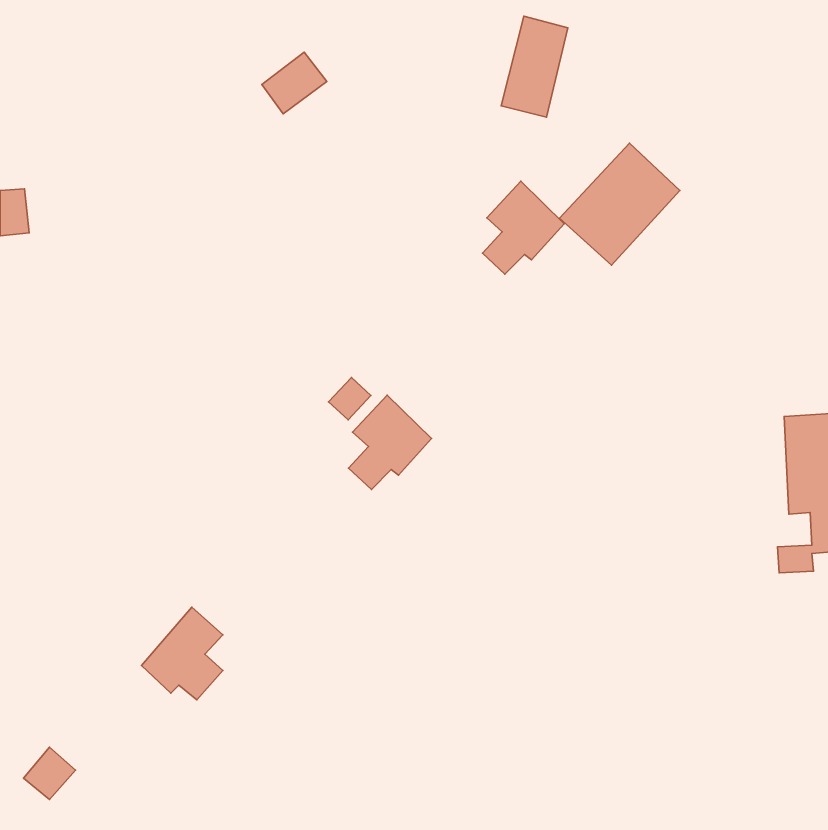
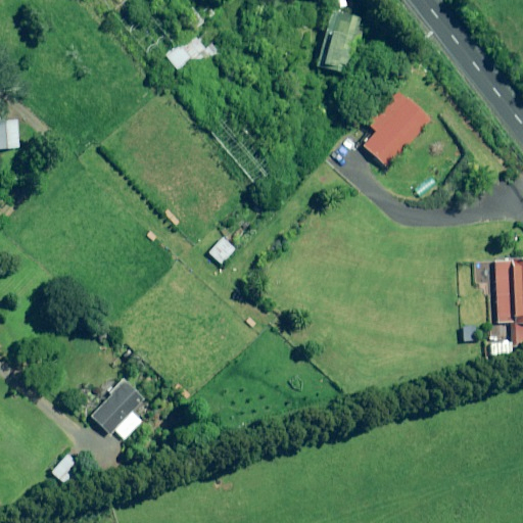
building: [482,181,564,274] -> none
building: [349,395,431,489] -> none
building: [23,747,76,799] -> [50,454,83,486]

